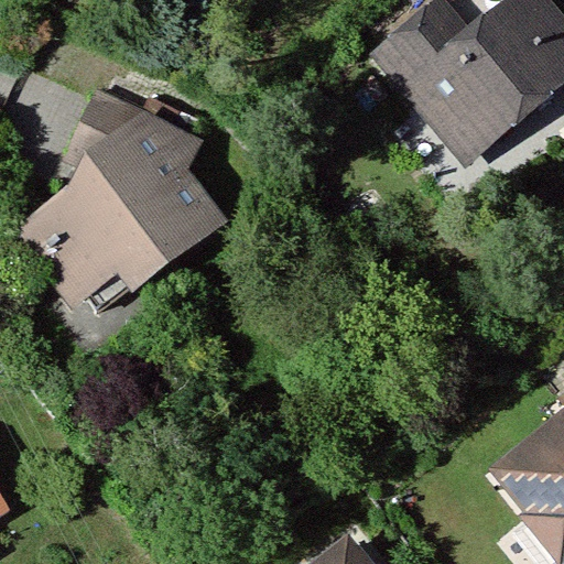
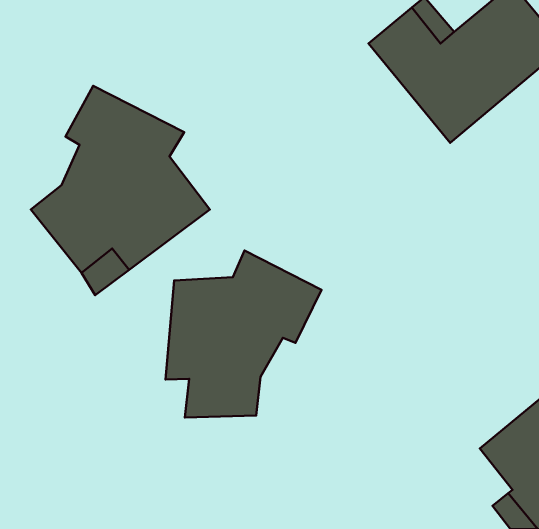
building: none -> [165,251,321,417]

